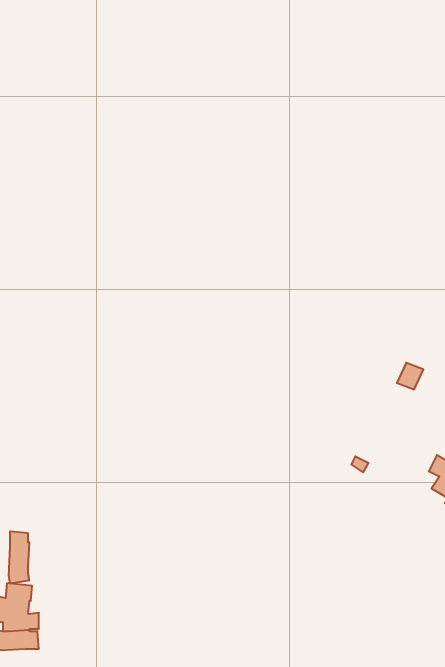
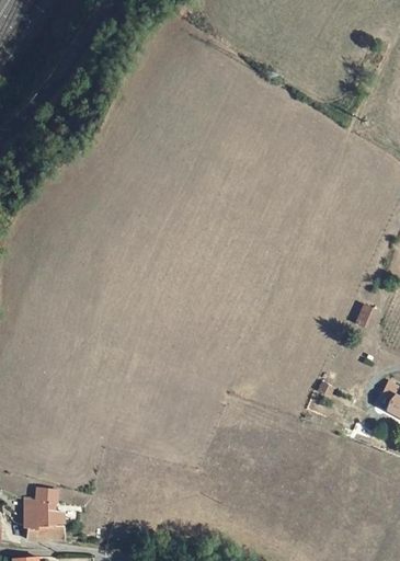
building: [9,531,29,584] -> none

